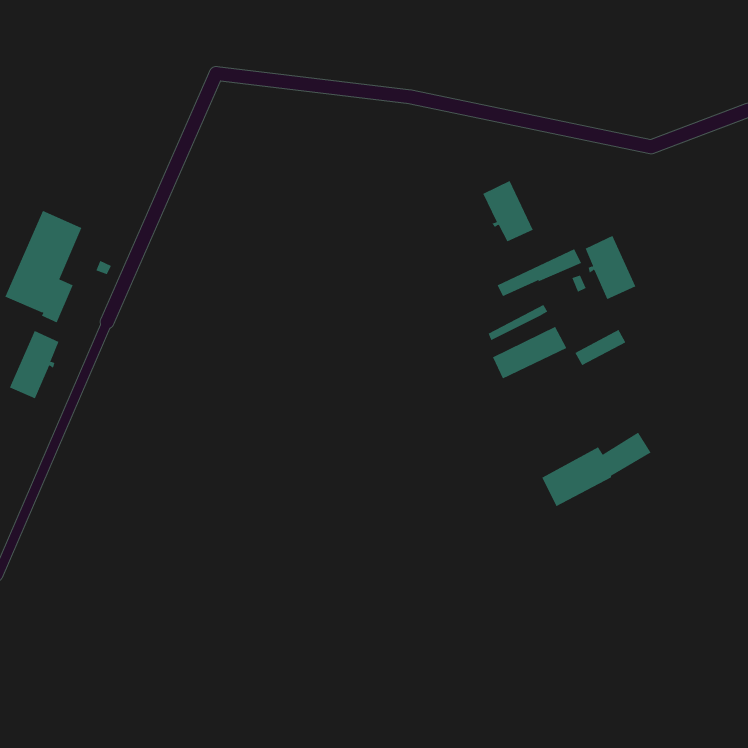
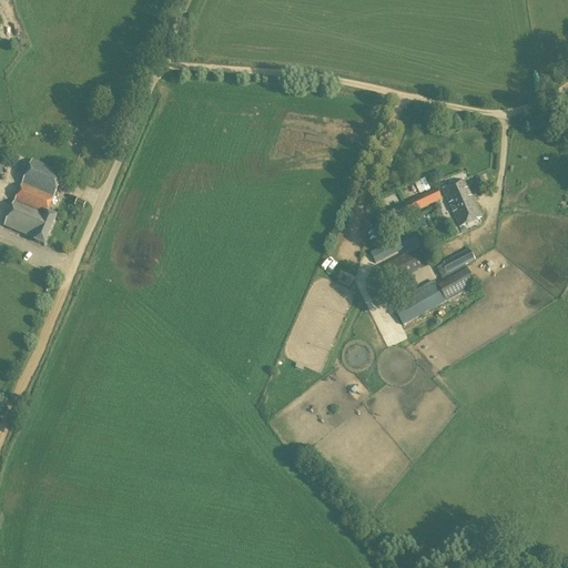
building: [483,180,533,242] -> none
building: [9,330,59,399] -> none
building: [541,432,652,507] -> [389,267,473,324]

